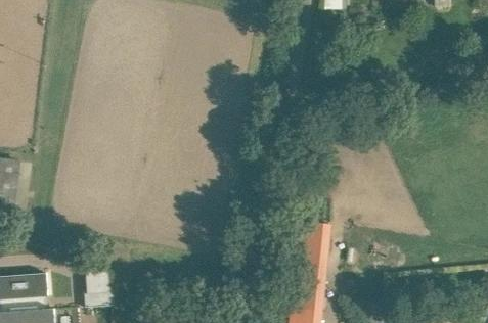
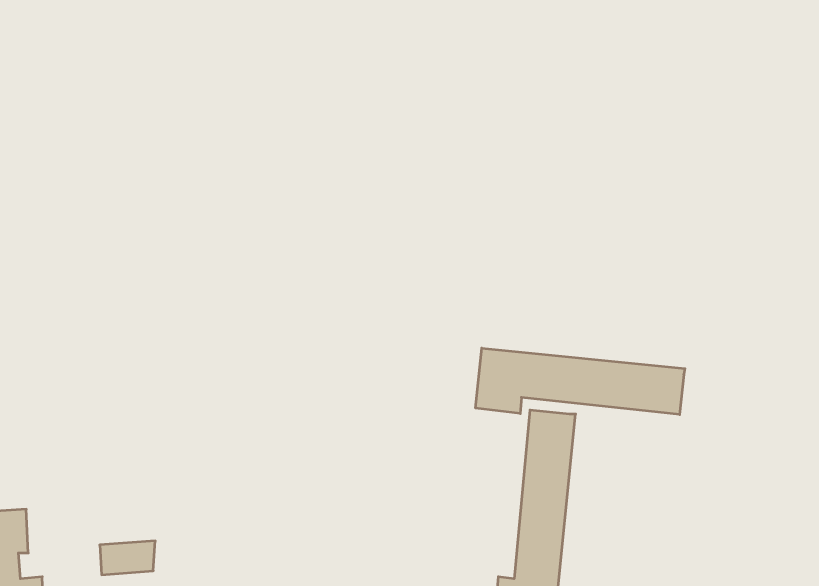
building: none -> [476,348,685,415]

